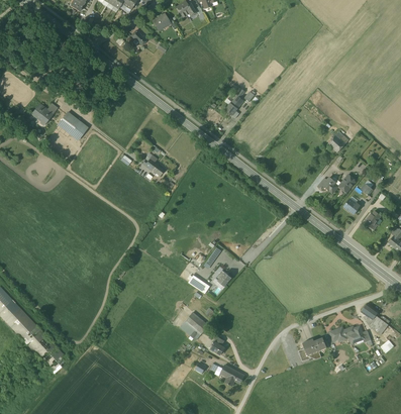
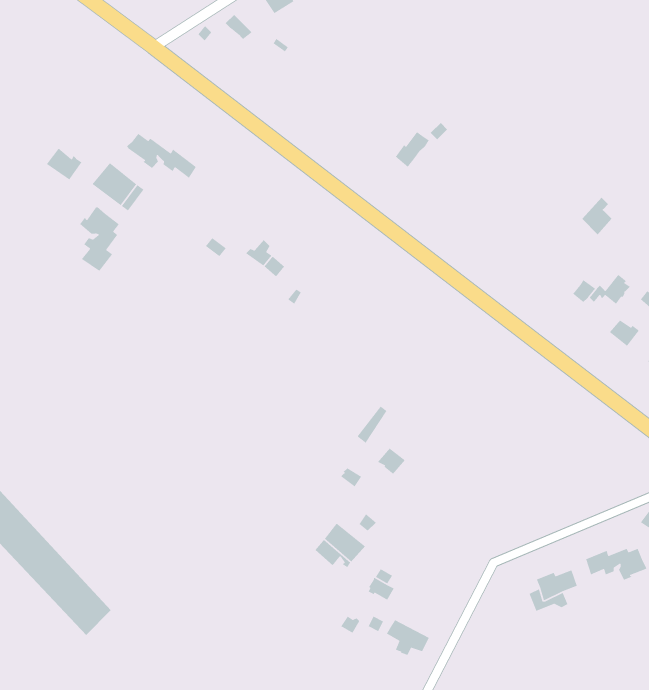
building: none -> [126,133,197,179]
building: none -> [79,206,120,272]

